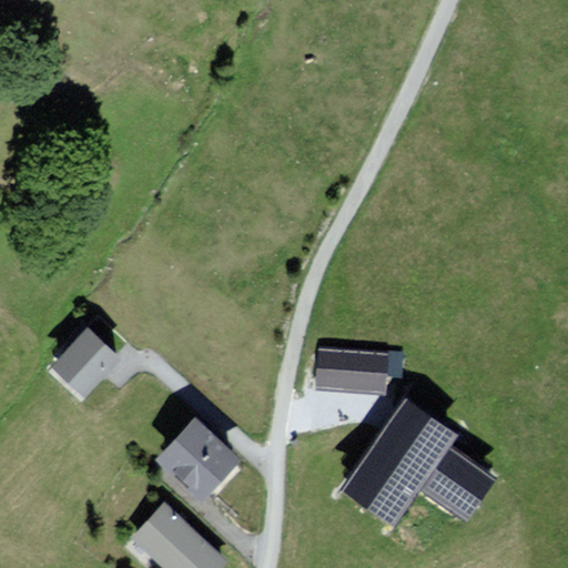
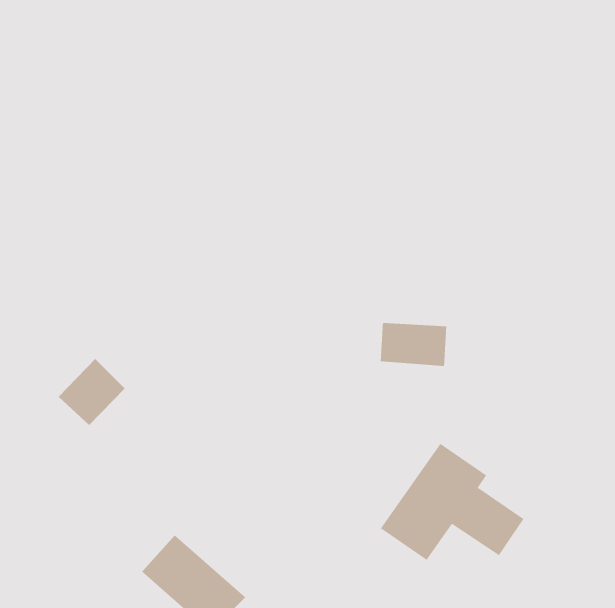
building: [321,352,383,393] -> [380,322,447,367]
building: [159,416,240,496] -> none

